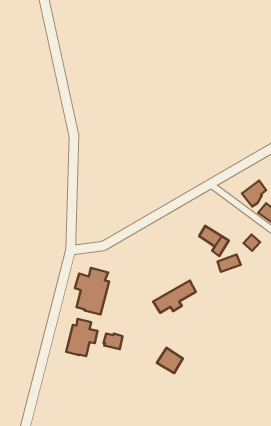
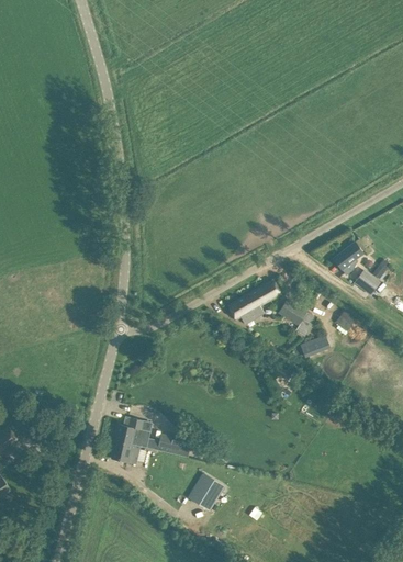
building: [75,268,109,315] -> none
building: [153,281,196,313] -> [227,279,281,319]
building: [157,348,183,373] -> [188,479,221,510]

